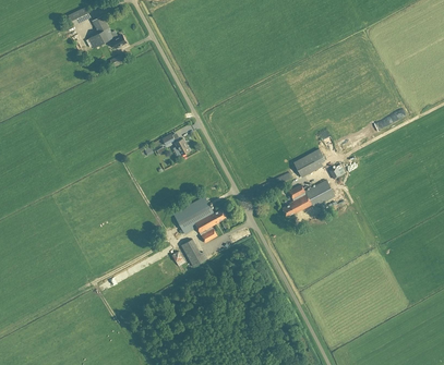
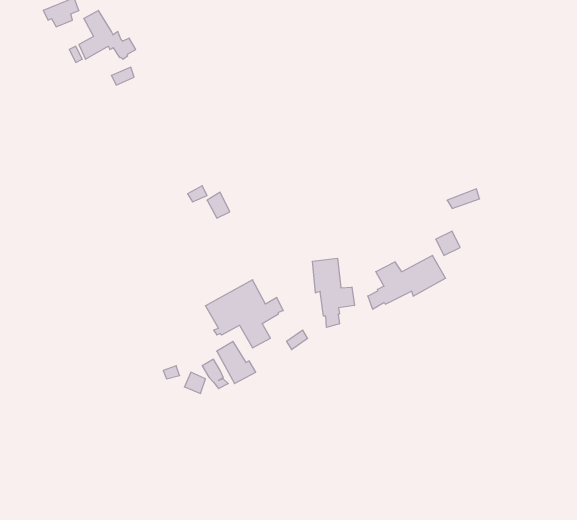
building: [293,148,325,177] -> none
building: none -> [313,258,354,327]

